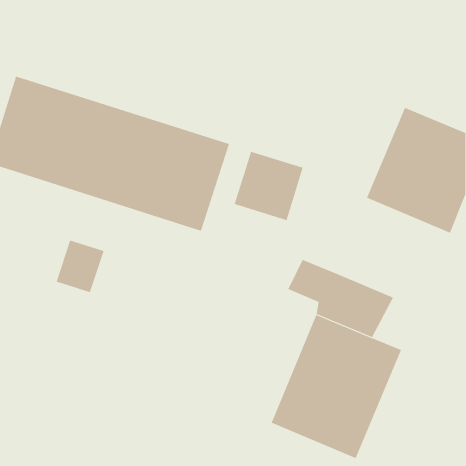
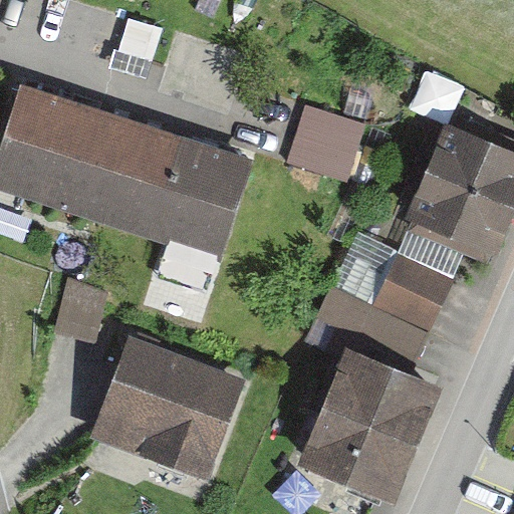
building: [234,151,304,221] -> [286,106,362,183]
building: none -> [372,255,452,328]
building: none -> [93,336,248,484]

